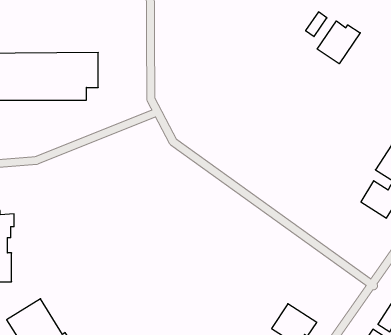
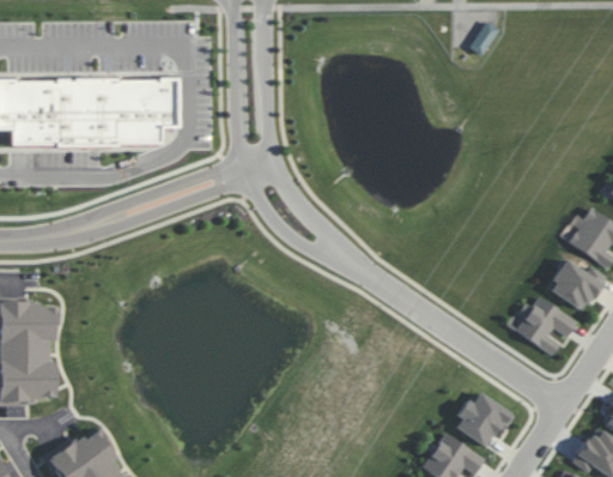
building: [317,21,360,64] -> none
building: none -> [515,295,577,355]
building: none -> [453,392,515,447]

